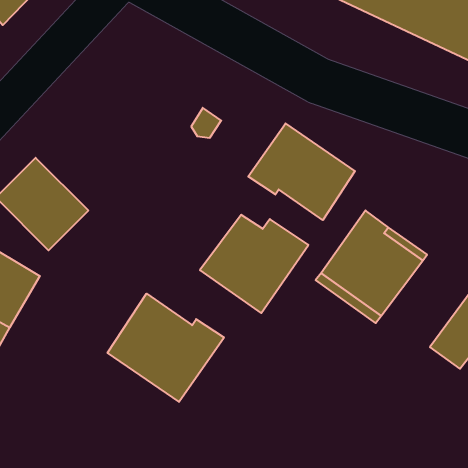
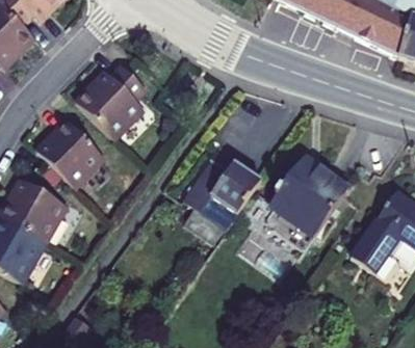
building: none -> [75,61,147,137]
building: [248,123,355,220] -> none
building: [108,294,224,402] -> none

